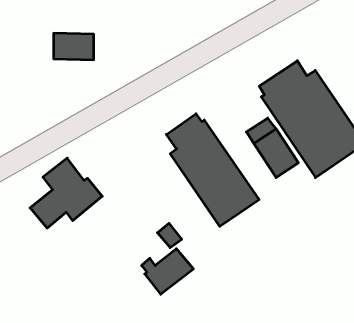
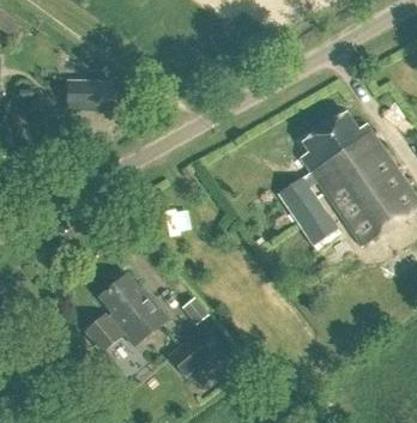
building: [166,114,259,226] -> none
building: [30,158,102,228] -> [84,273,165,352]

